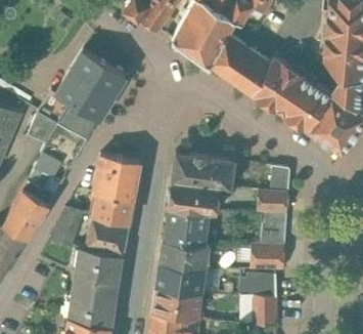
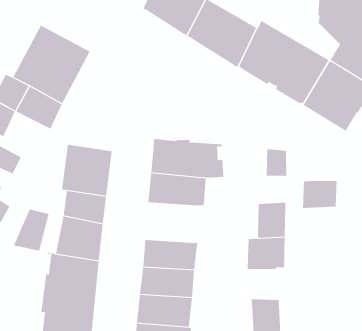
building: [258,191,289,214] -> [302,181,337,209]
building: [164,208,210,245] -> none
building: [240,275,277,298] -> none

